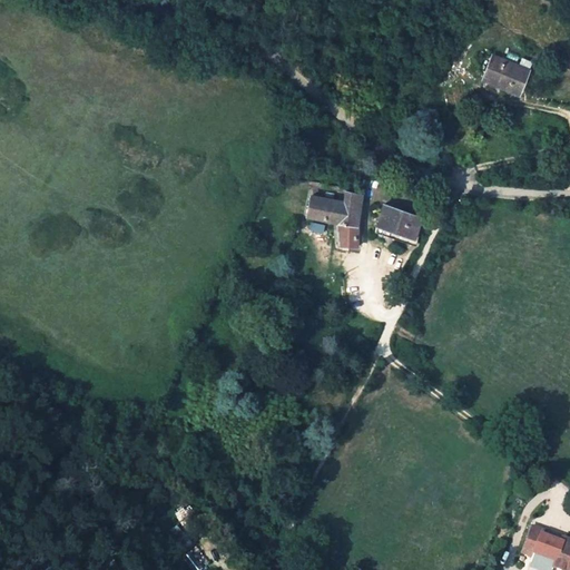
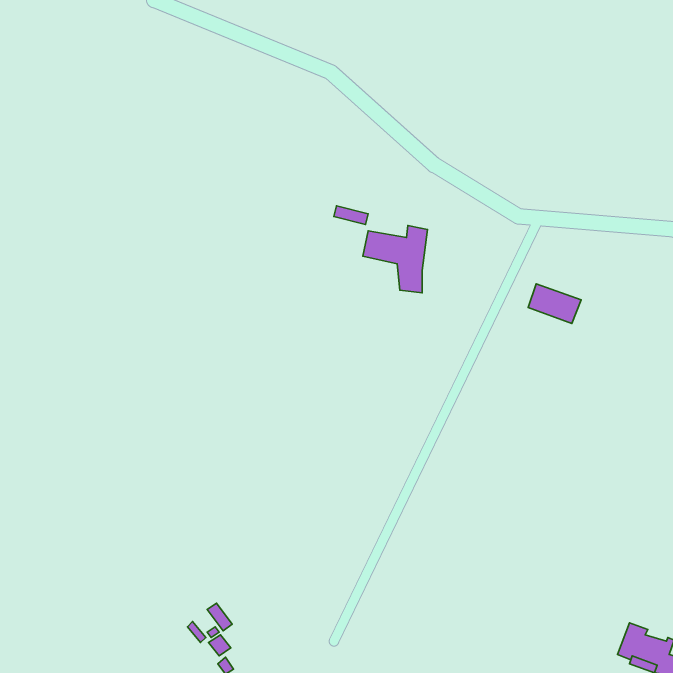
building: [483,57,529,95] -> none
building: [377,206,422,239] -> [528,284,581,323]

